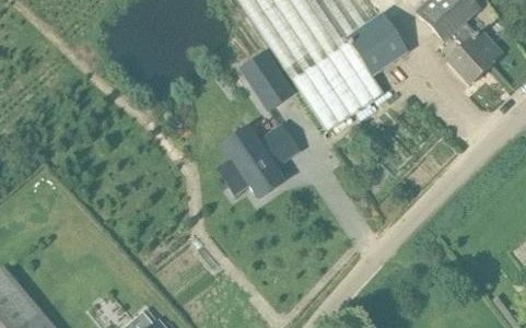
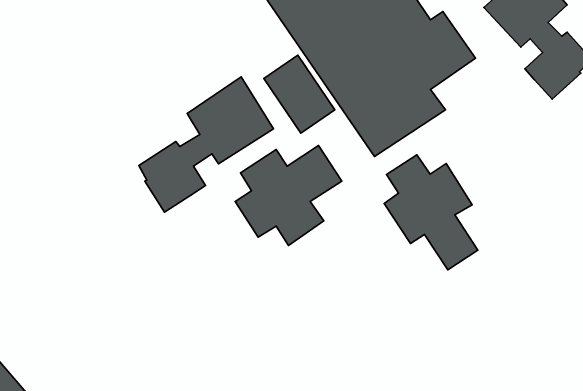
building: none -> [139,77,274,212]
building: none -> [384,155,478,270]

